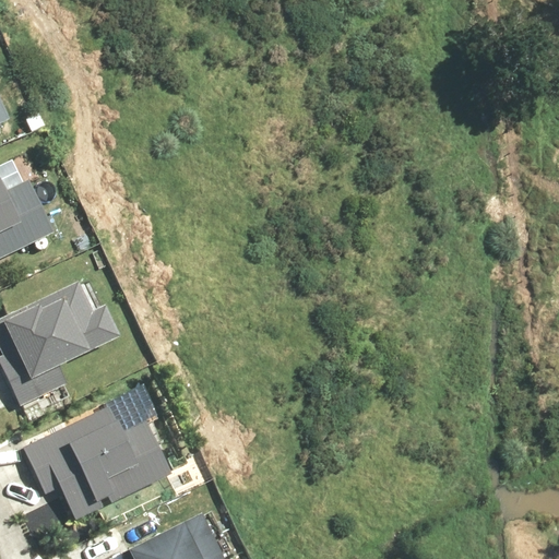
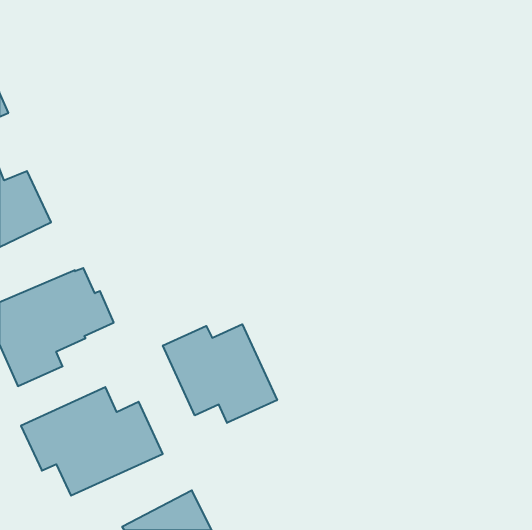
building: none -> [163,324,277,423]

